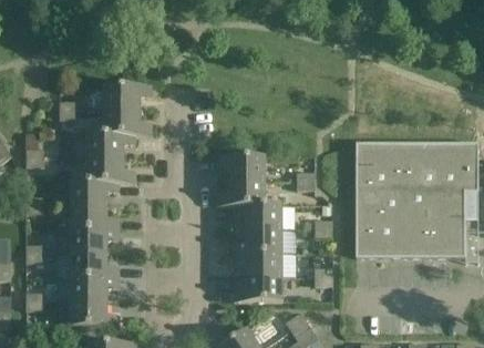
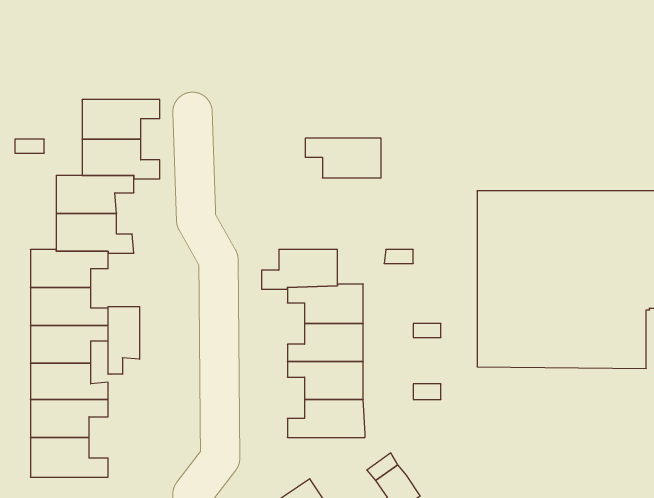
building: [217,154,266,180] -> [305,138,381,178]
building: none -> [108,307,140,374]

